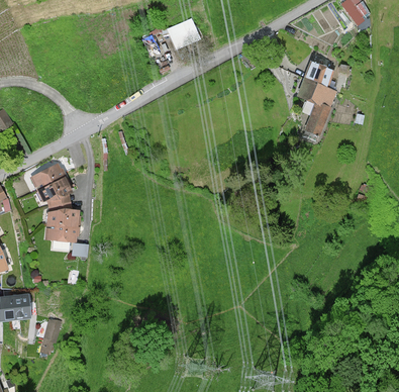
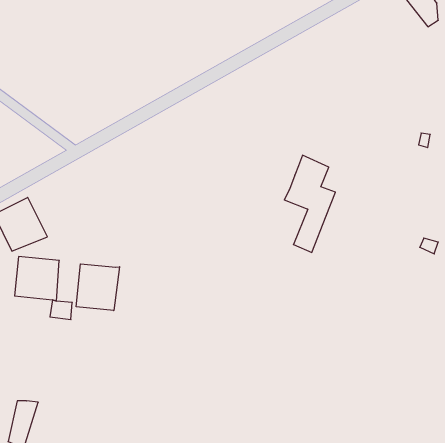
building: [298,62,337,136] -> [284,155,335,252]
building: none -> [76,264,120,311]

